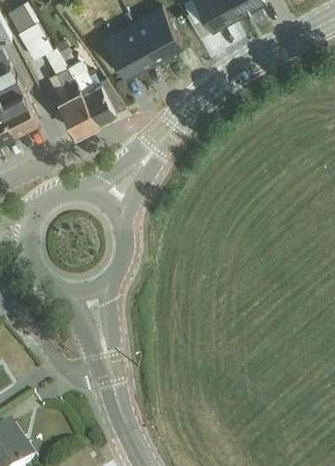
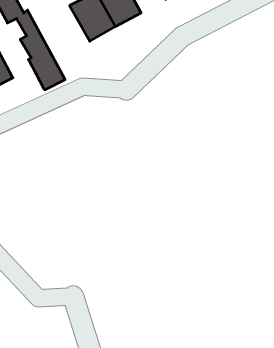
building: [55,39,125,122] -> none

